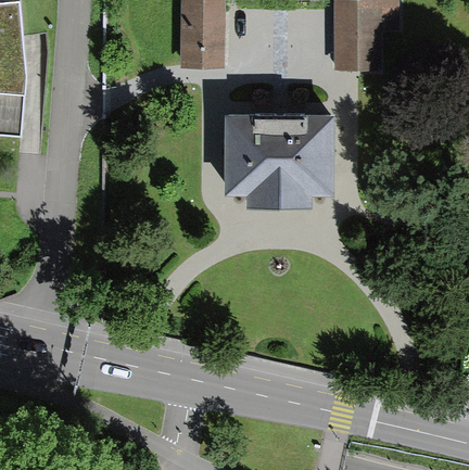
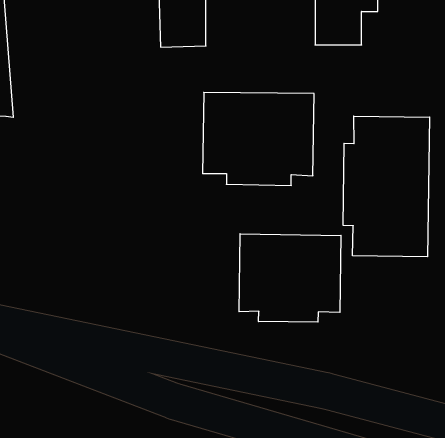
building: none -> [343,116,430,257]
building: none -> [239,234,341,322]

